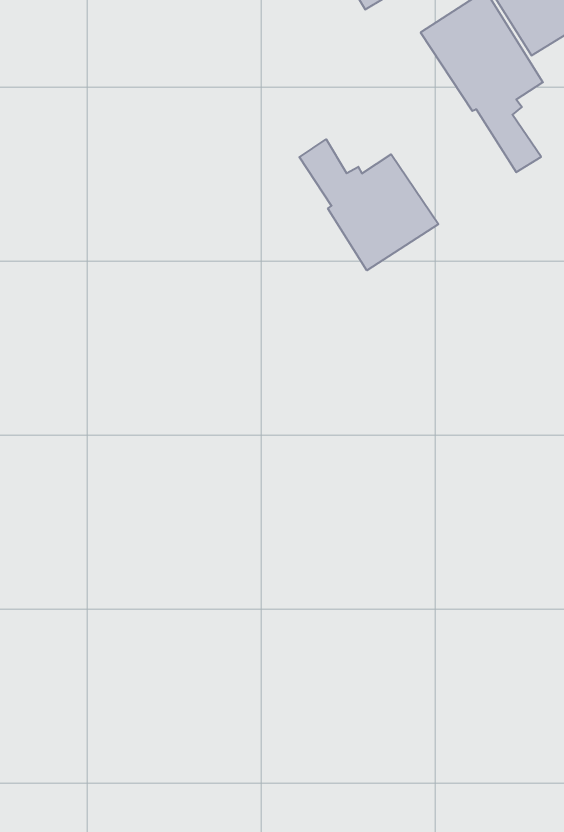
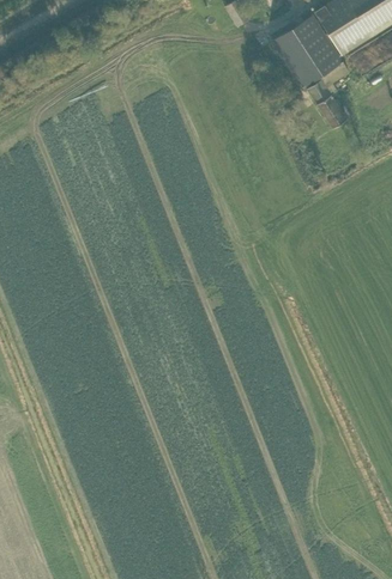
building: [299,139,438,270] -> none

